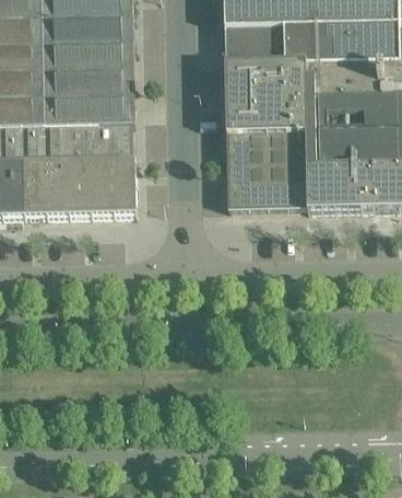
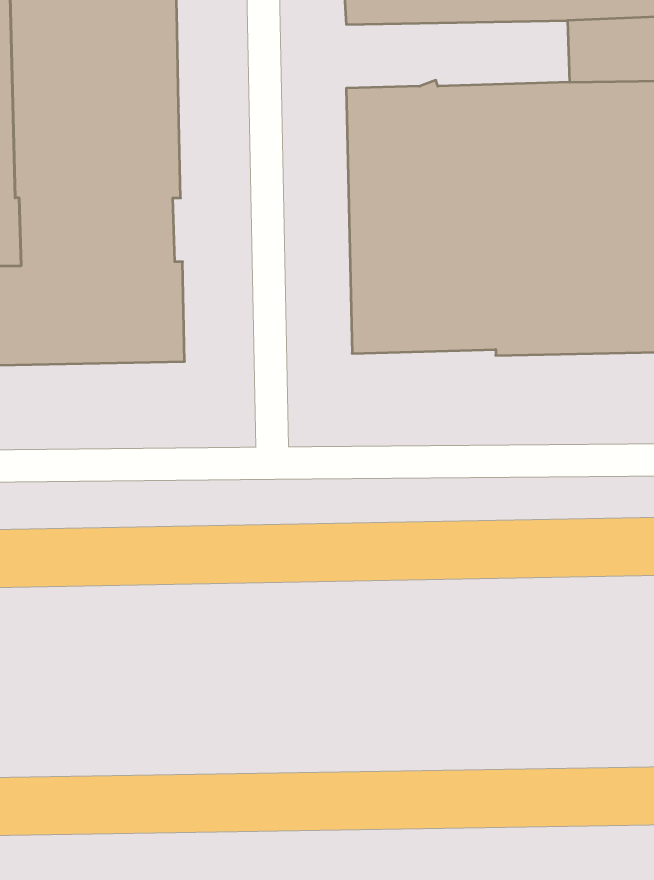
building: [225,25,347,62] -> none

